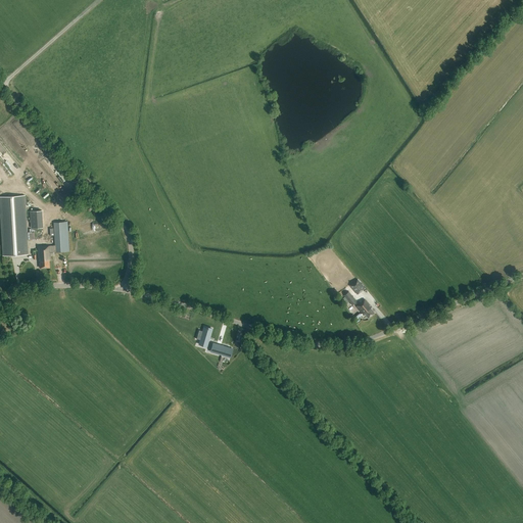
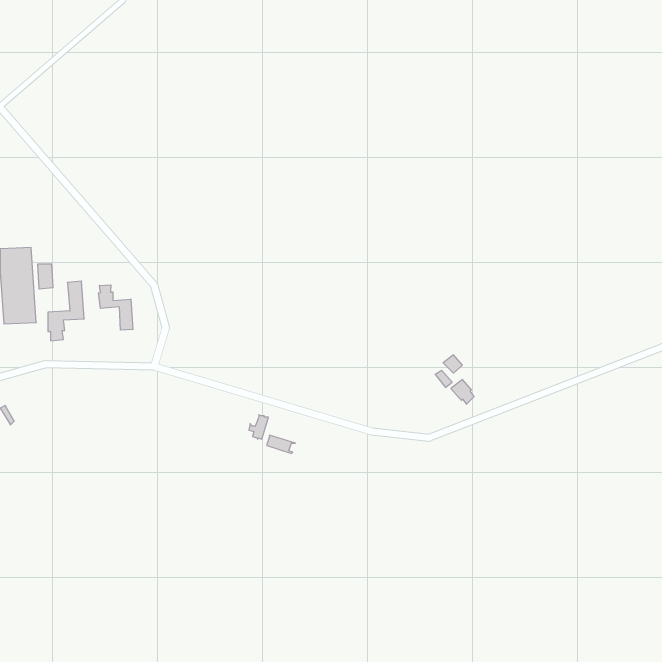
building: none -> [98,285,133,330]

